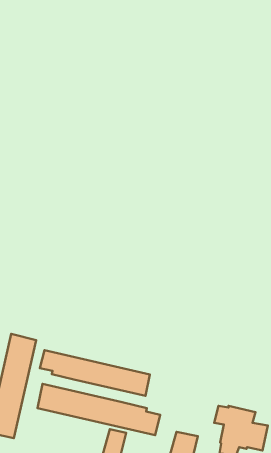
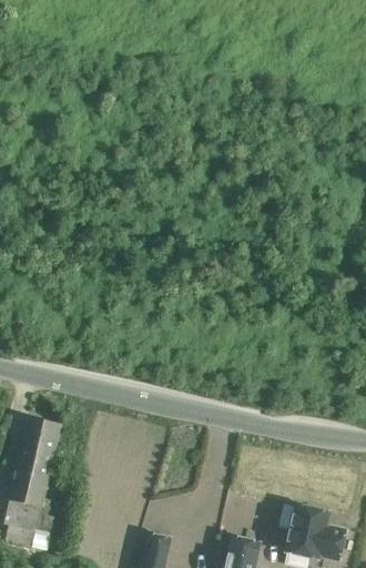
building: [40,350,150,396] -> none
building: [38,384,160,435] -> none

